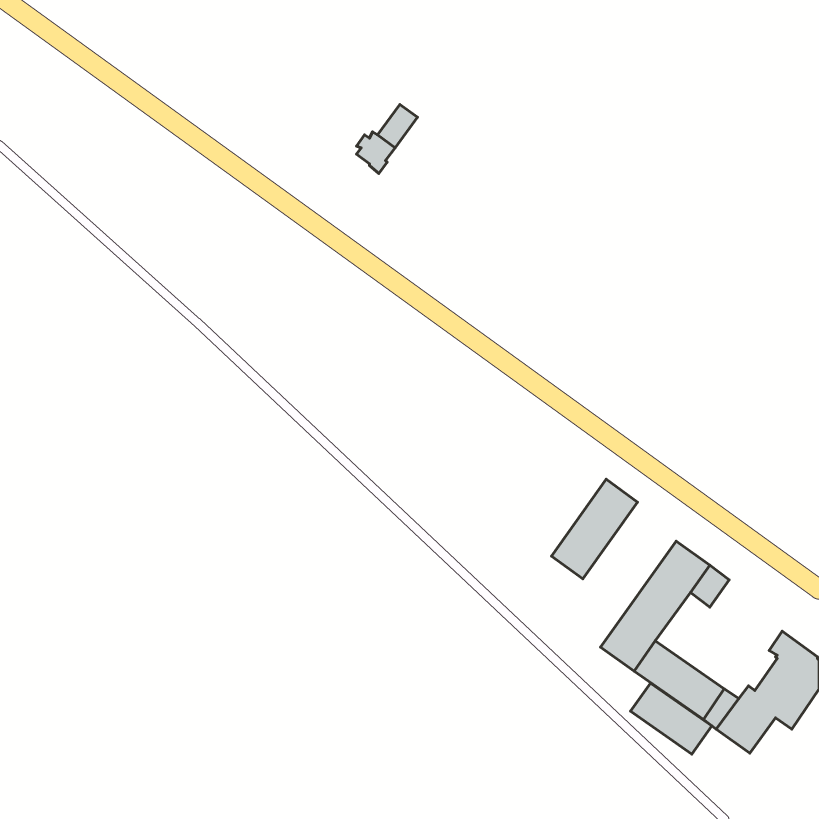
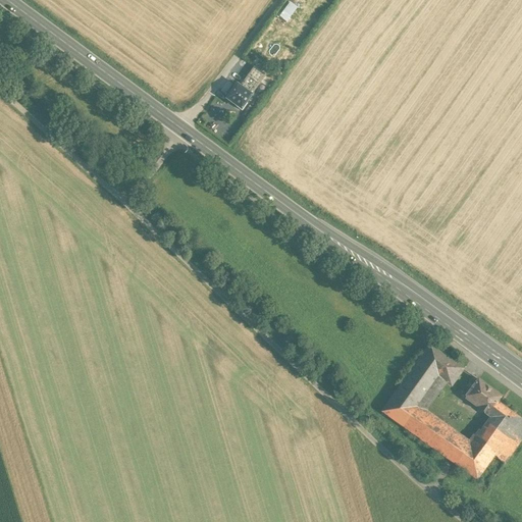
building: [551,479,637,579] -> none
building: none -> [465,378,501,413]
building: [631,683,712,754] -> none

